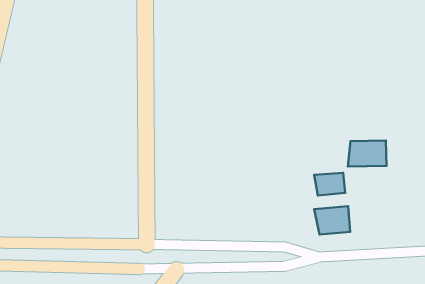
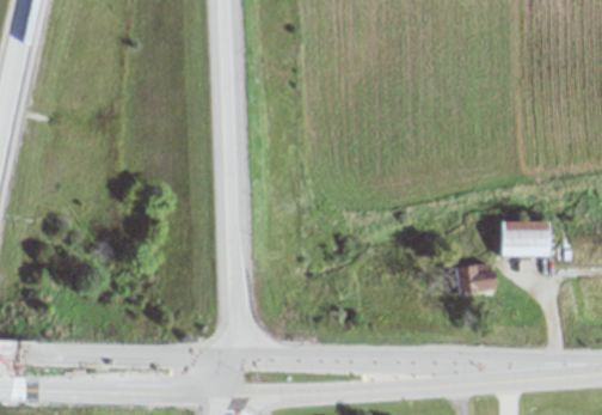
building: [314,206,350,234] -> none

